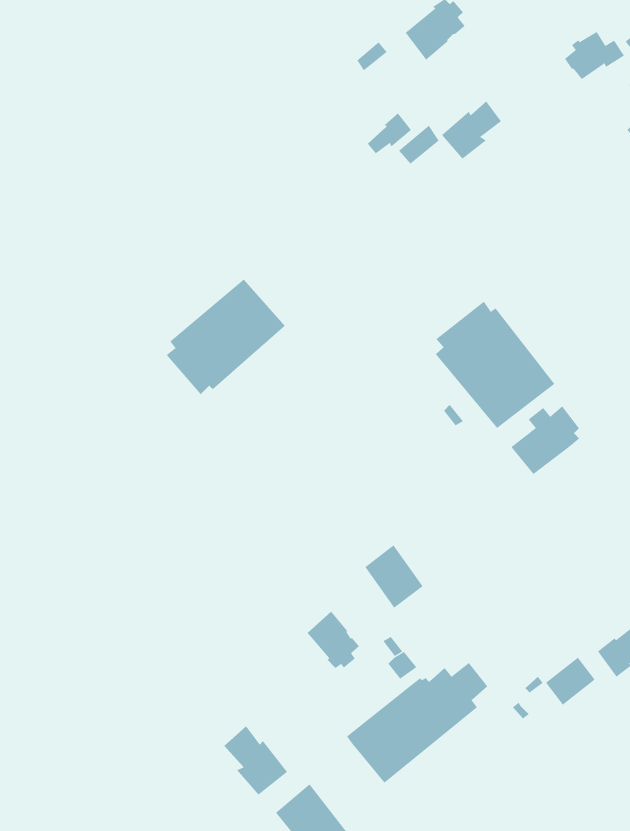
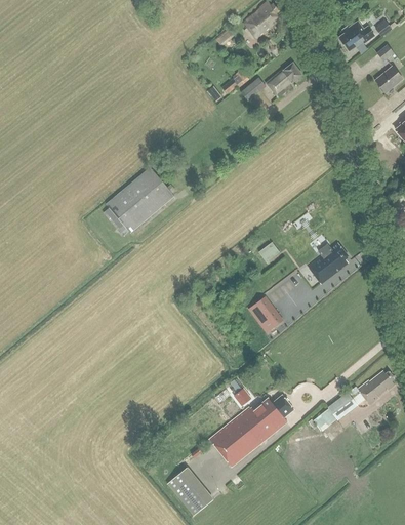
building: [435,301,555,429] -> none
building: [365,544,423,609] -> [248,294,283,332]
building: [307,611,360,669] -> none
building: [223,726,288,796] -> none

